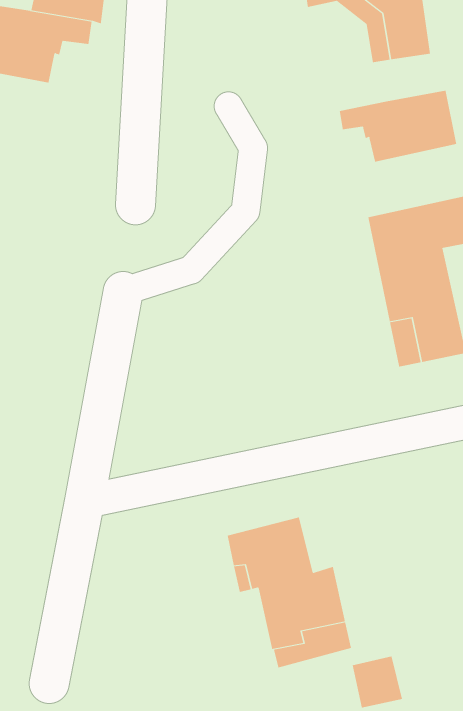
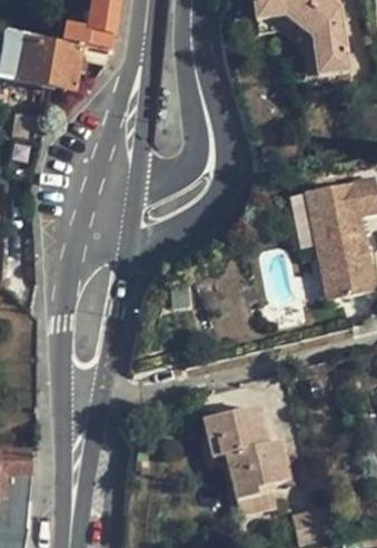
building: [339,90,457,162] -> none

